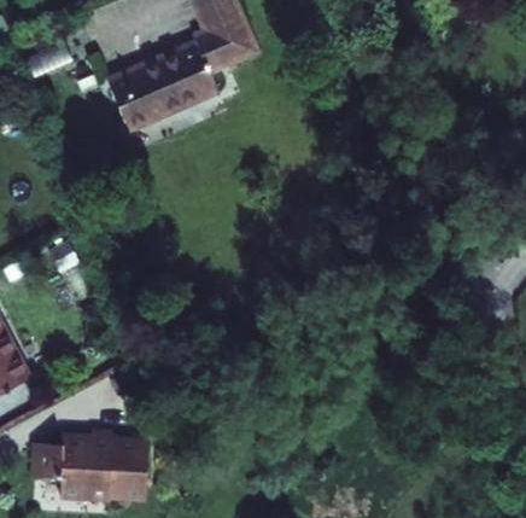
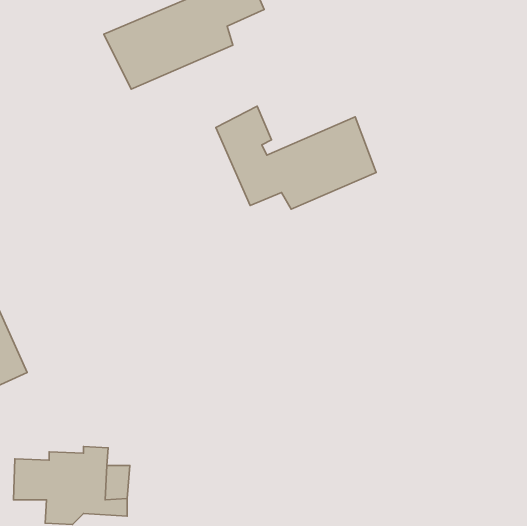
building: none -> [216,106,376,209]

